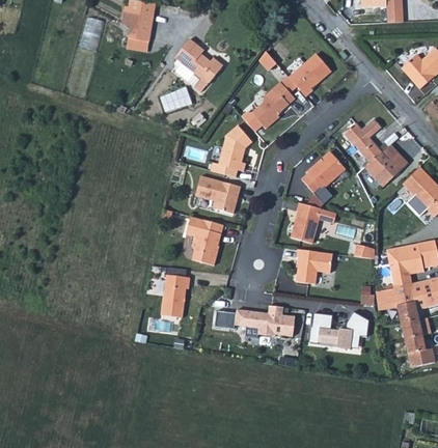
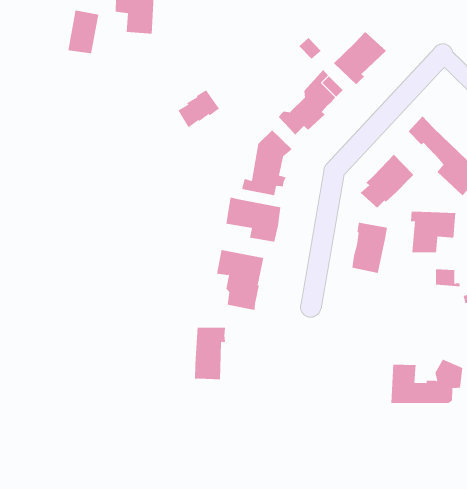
building: [176,37,226,84] -> none
building: [294,248,331,282] -> [410,211,456,253]
building: [218,306,297,338] -> none

